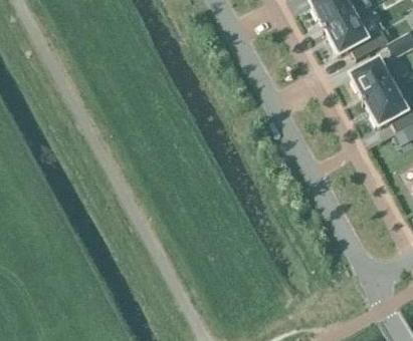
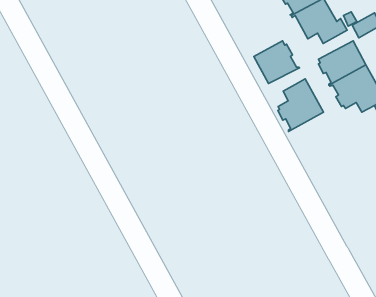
building: none -> [254,41,300,84]
building: none -> [278,79,323,132]

